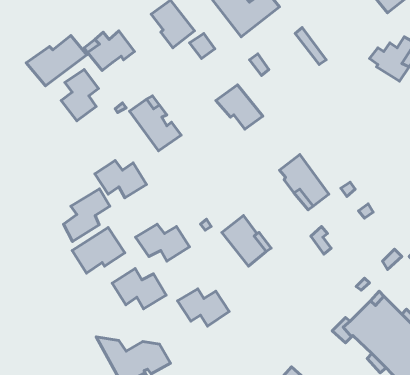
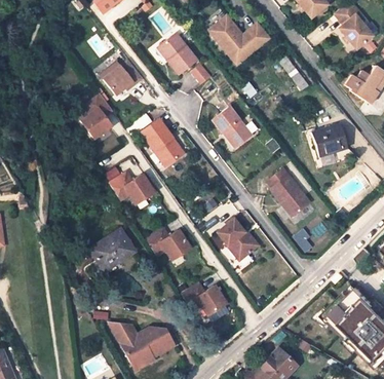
building: [26,35,87,86] -> none
building: none -> [311,123,347,157]
building: [63,189,110,241] -> none
building: [112,269,166,309] -> none

